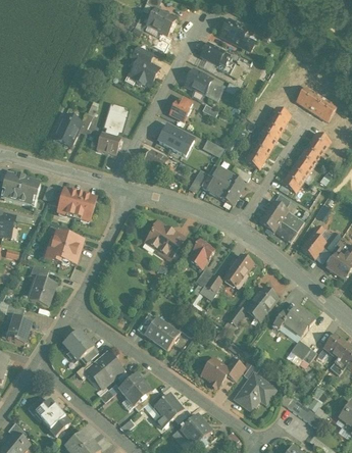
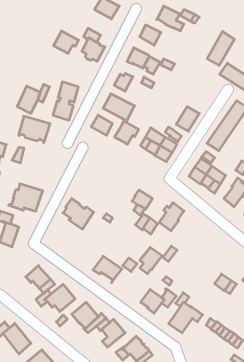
building: none -> [54,31,79,53]
building: [257,106,290,147] -> [207,31,234,65]
building: none -> [115,121,139,144]
building: [58,190,96,221] -> [19,116,50,142]
building: [147,221,184,258] -> [63,198,94,229]
building: [251,288,278,319] -> [140,247,162,274]
building: [273,306,314,335] -> none

